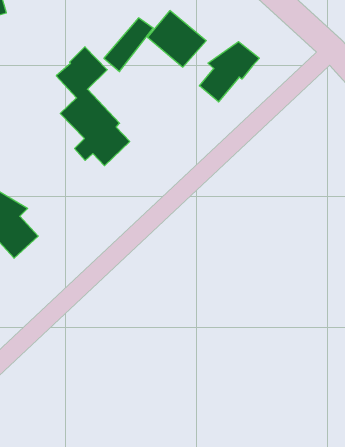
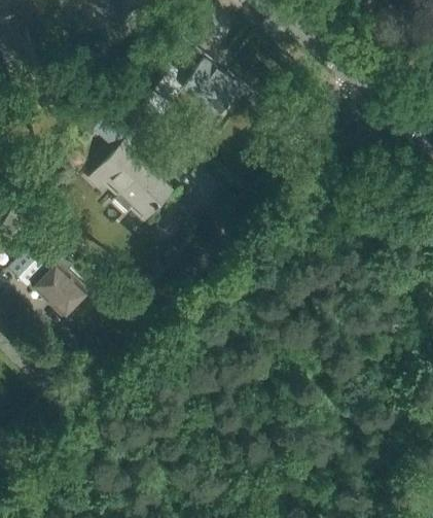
building: [199,42,259,102] -> none

